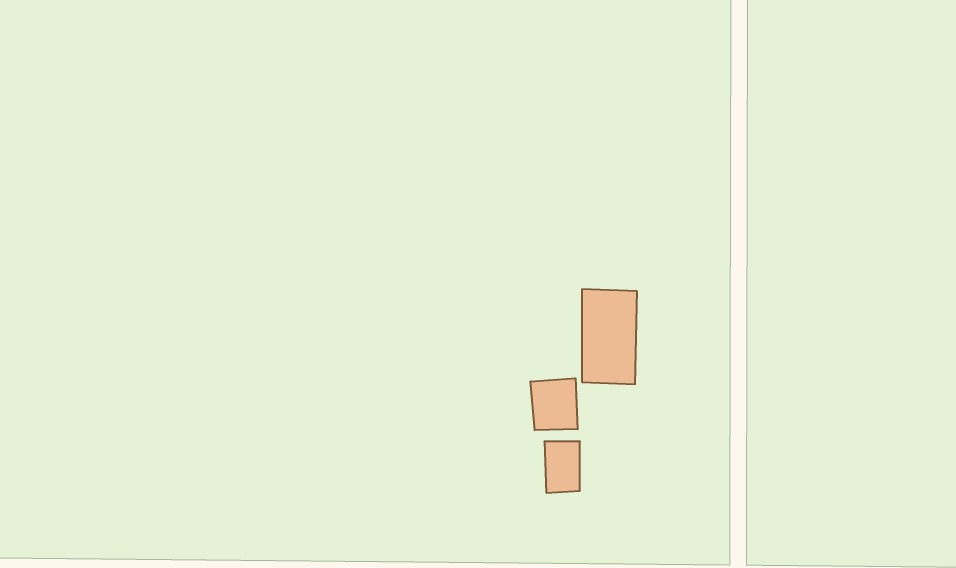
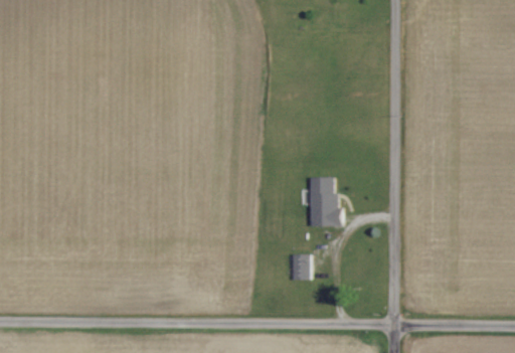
building: [531,378,578,430] -> none

